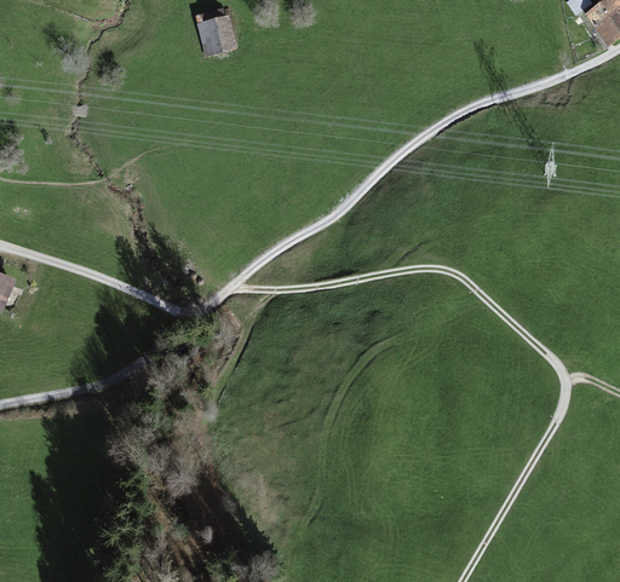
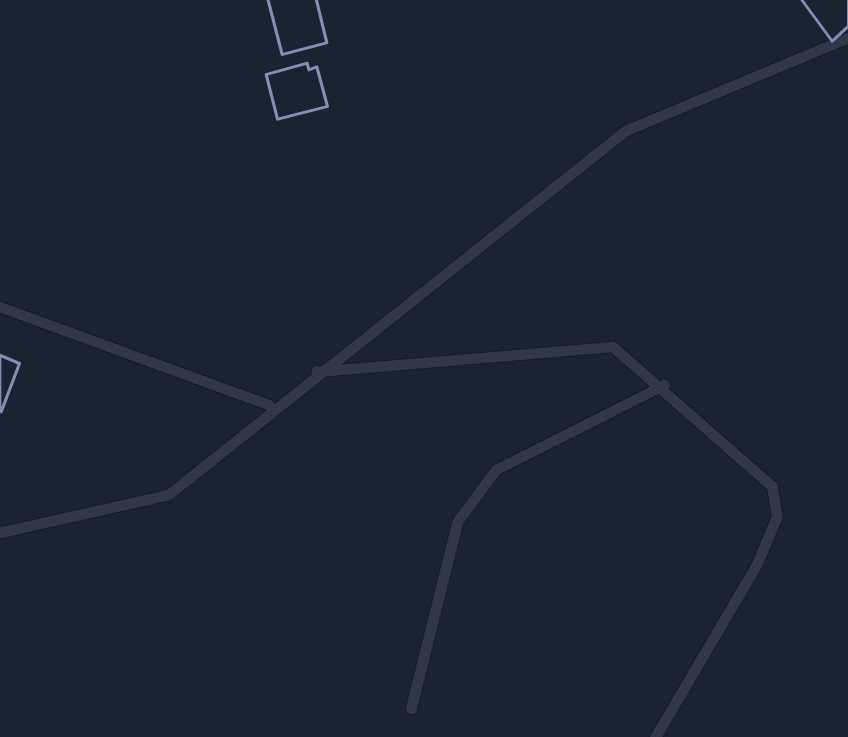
building: none -> [266,63,327,119]

